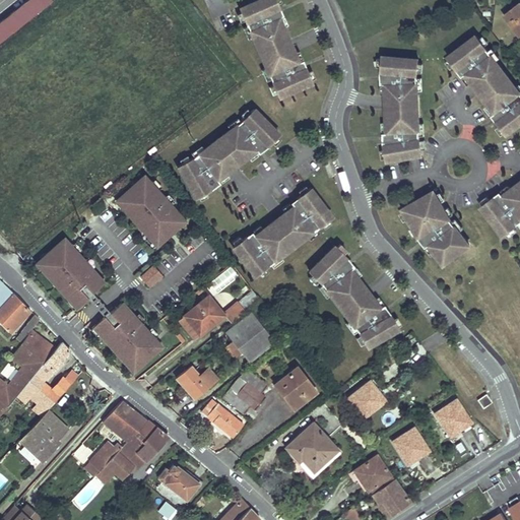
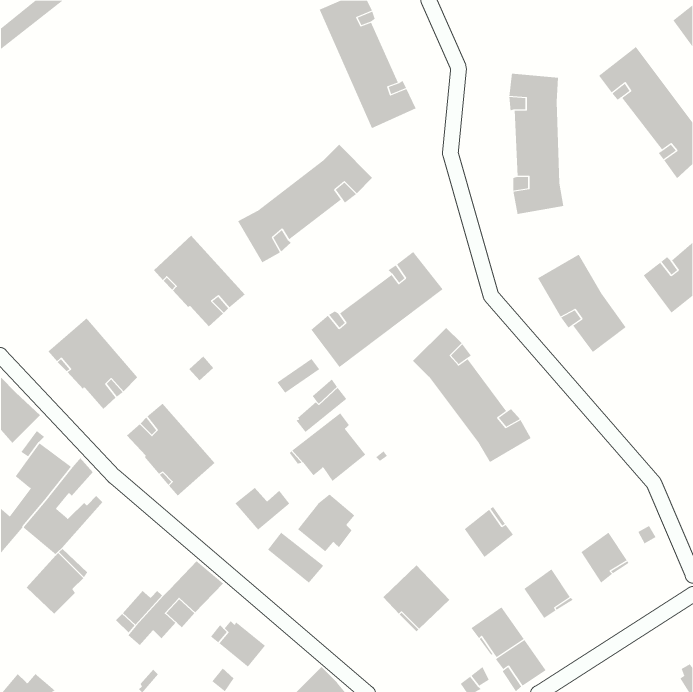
building: [178,296,223,339] -> none
building: [275,368,315,408] -> none
building: [103,401,147,442] -> none

